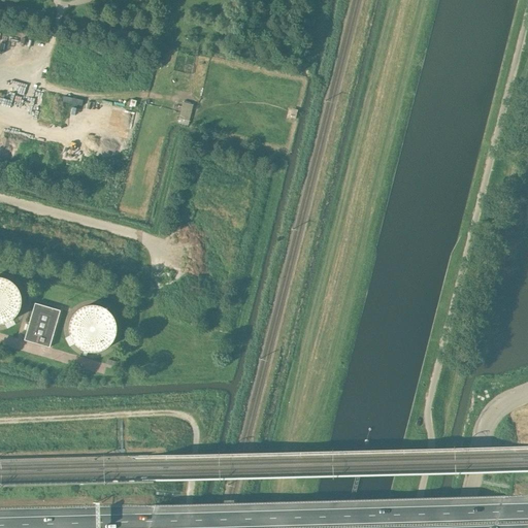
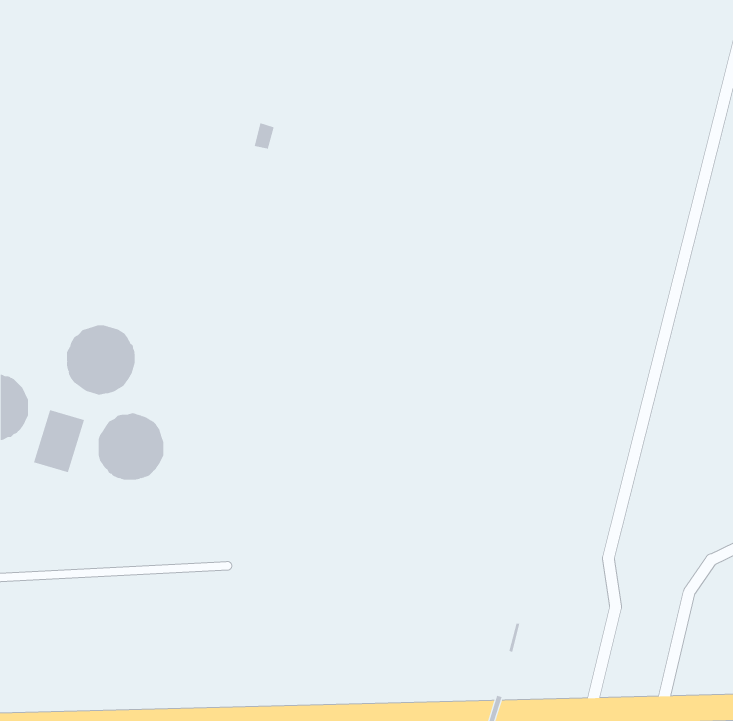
building: none -> [66,324,135,396]

